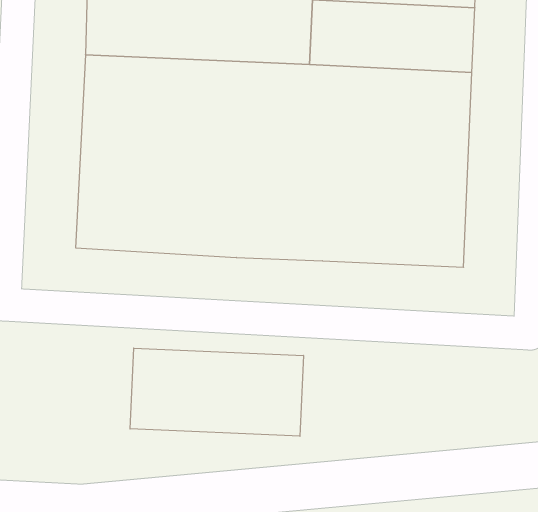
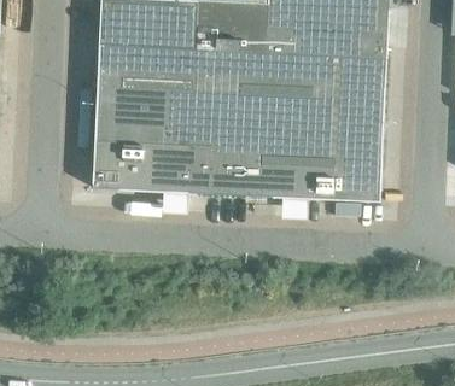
building: [130,348,303,436] -> none

